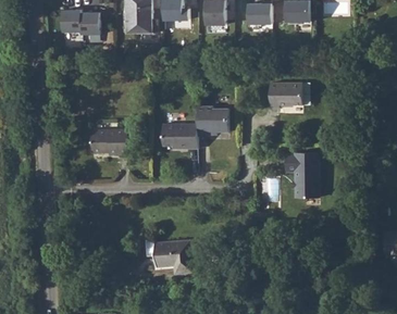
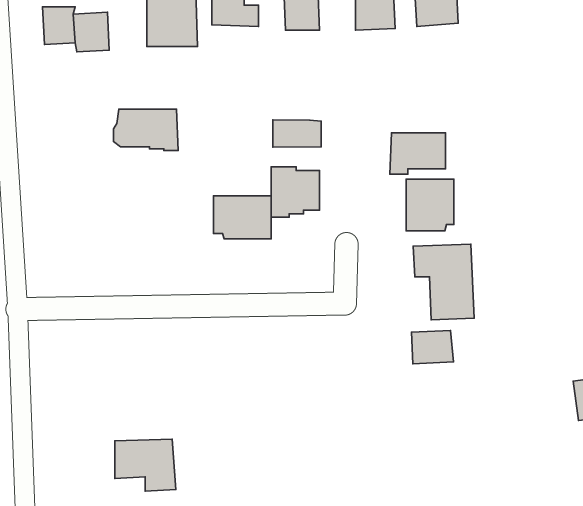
building: none -> [273,120,321,147]
building: none -> [406,179,454,231]
building: [89,134,128,159] -> [113,109,178,151]
building: none -> [412,330,453,364]
building: [152,242,189,274] -> [115,439,176,491]

